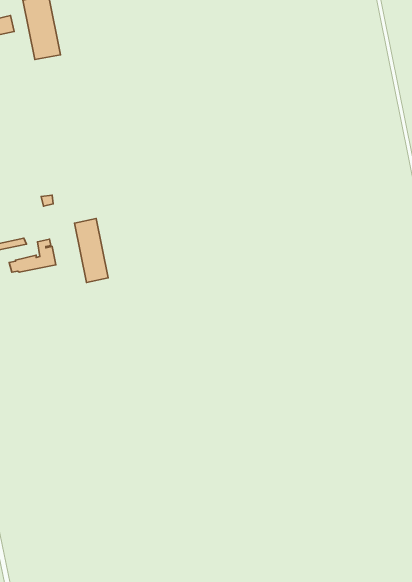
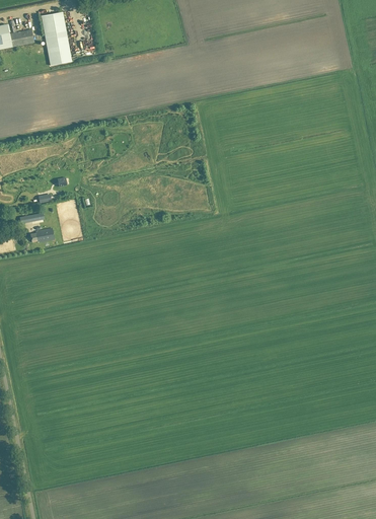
building: [75,219,108,283] -> none

